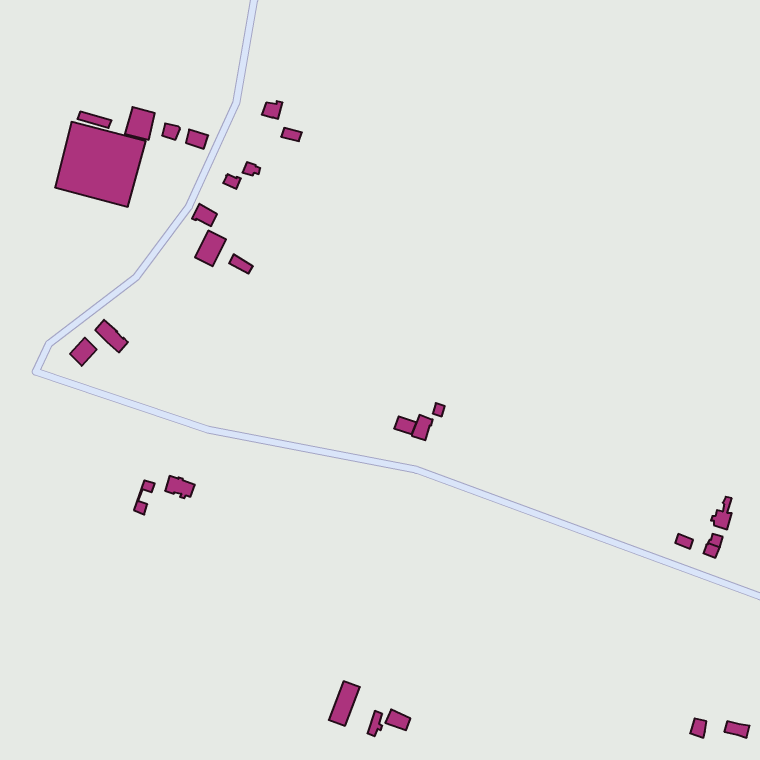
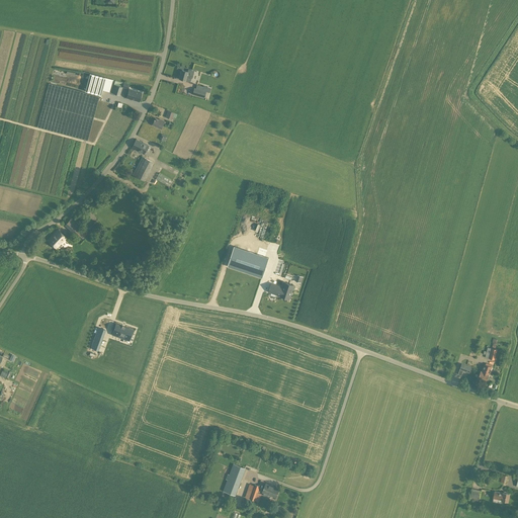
building: none -> [228,247,268,277]

